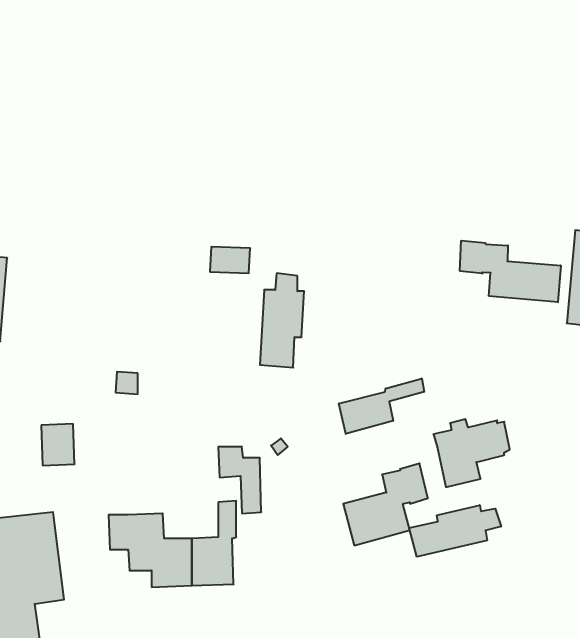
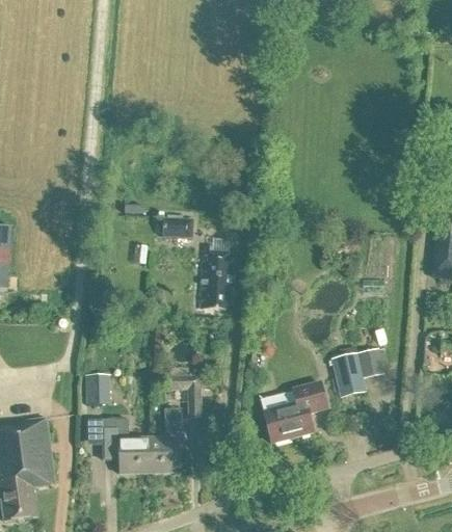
building: [460,241,561,302] -> none
building: [339,378,424,434] -> none
building: [41,424,75,465] -> [85,374,110,405]
building: [409,505,501,557] -> none

